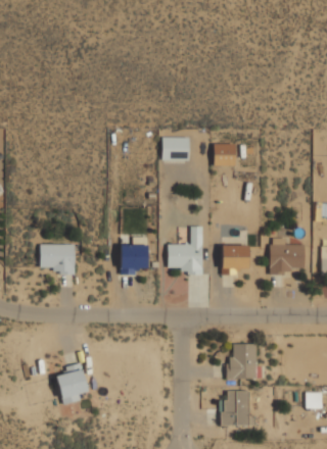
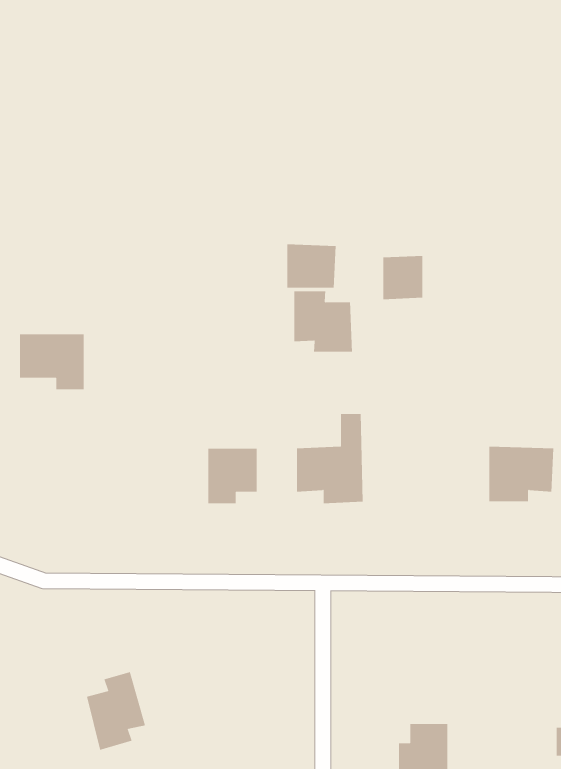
building: none -> [294,290,353,353]
building: [40,245,75,275] -> [19,334,85,390]
building: [222,245,248,275] -> none
building: [227,344,256,379] -> none

